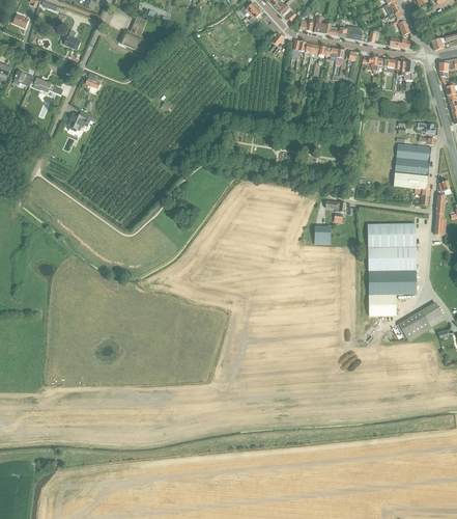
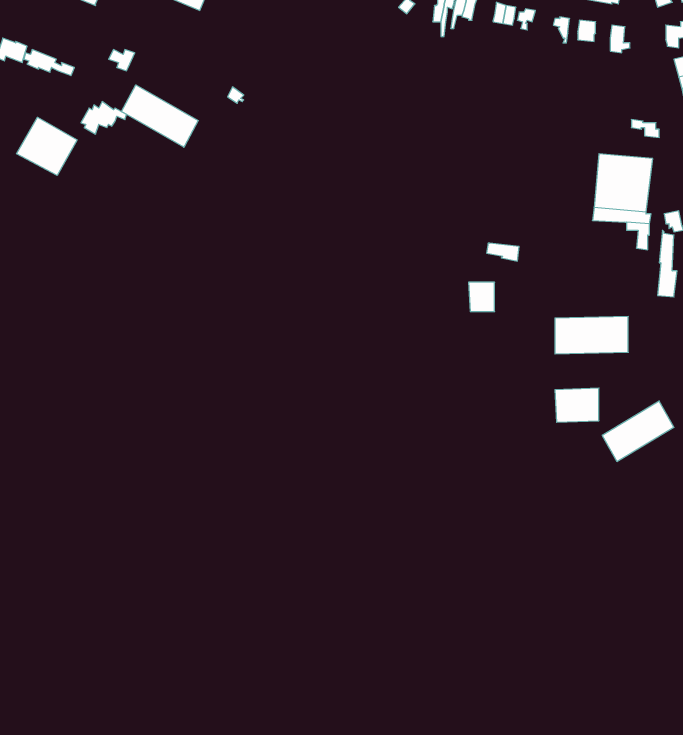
building: none -> [121,85,198,147]
building: none -> [17,117,77,175]
building: [368,222,416,248] -> none
building: [369,270,416,294] -> none

